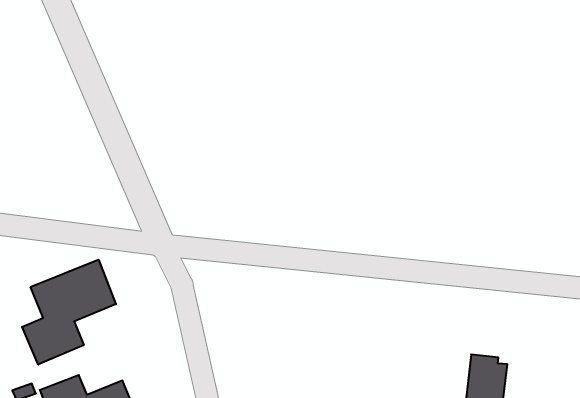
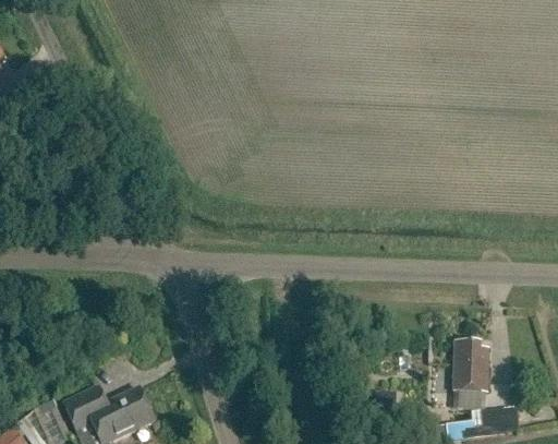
building: [22,260,116,365] -> none

